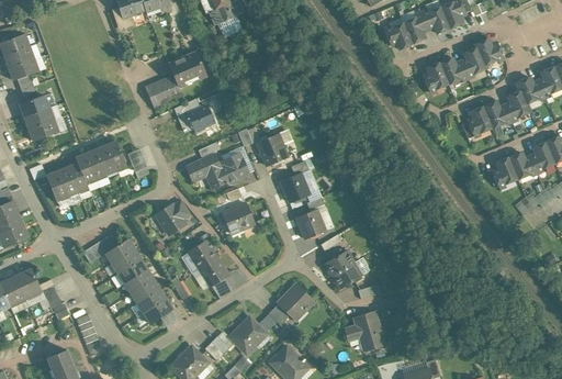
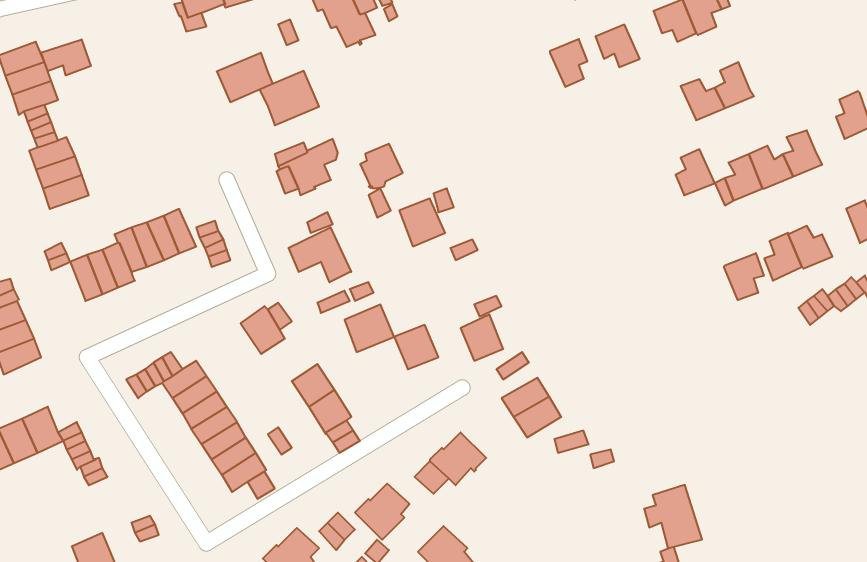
building: [403,13,427,44] -> [550,39,587,87]
building: none -> [41,39,91,75]
building: [475,37,504,65] -> none
building: [424,62,449,91] -> [676,149,715,195]
building: [145,75,181,107] -> [217,53,273,102]
building: [517,76,544,103] -> none
building: [530,141,554,171] -> none
building: [221,154,248,182] -> [360,144,403,188]
building: none -> [724,253,764,300]
building: [281,174,310,202] -> [394,325,438,369]
building: [348,310,385,350] -> [644,485,702,548]

